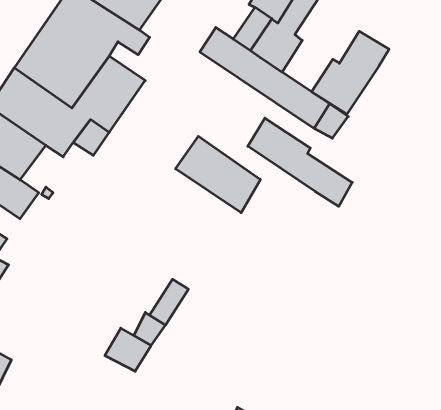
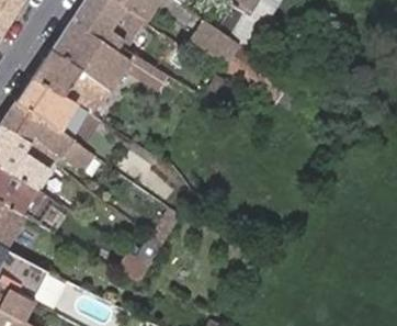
building: [312,31,389,114] -> none
building: [248,118,352,206] -> none
building: [176,136,260,213] -> none

